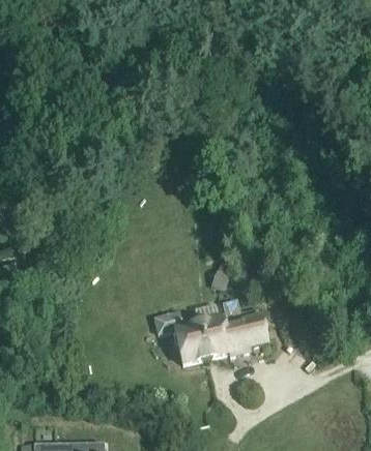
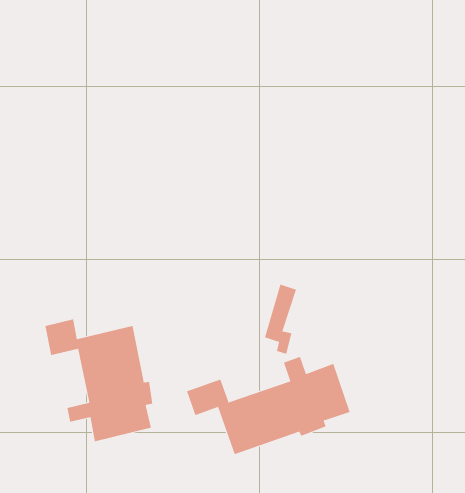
building: none -> [45,318,153,442]

